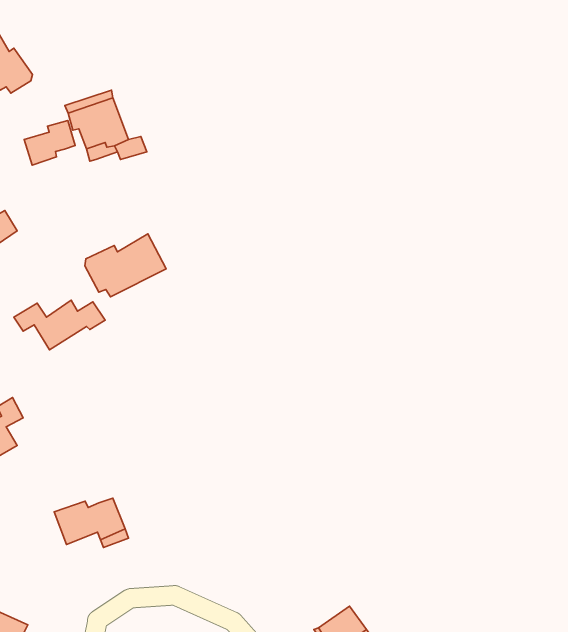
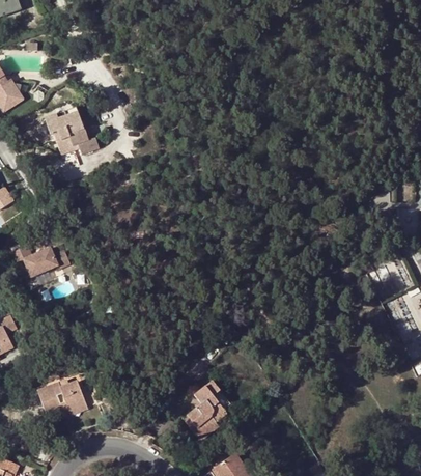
building: [24,121,75,165] -> none
building: [85,234,166,297] -> none
building: none -> [183,381,230,441]

